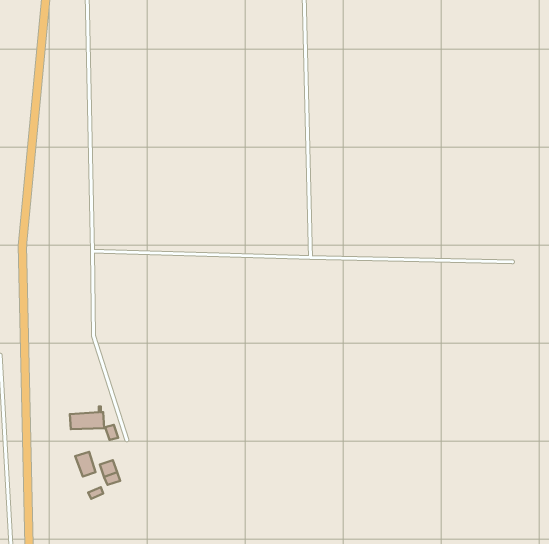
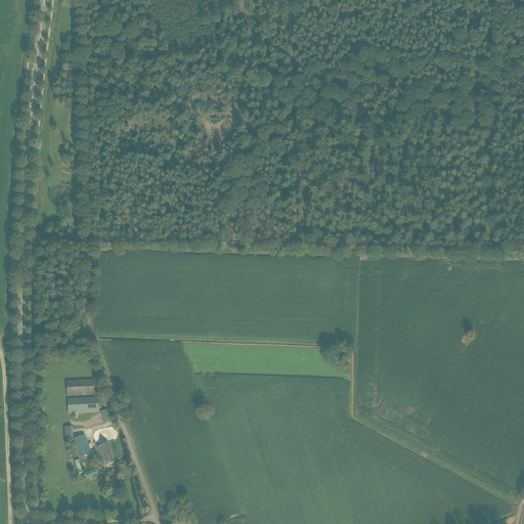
building: none -> [67,376,94,393]

